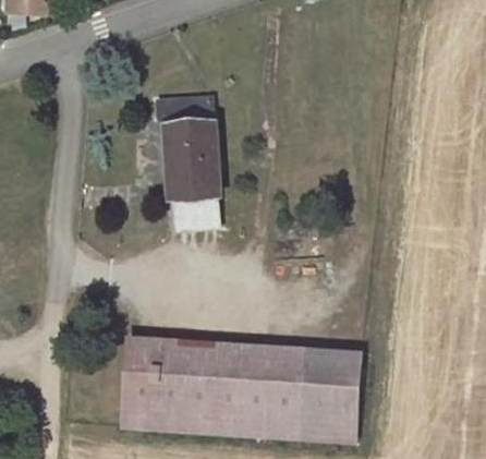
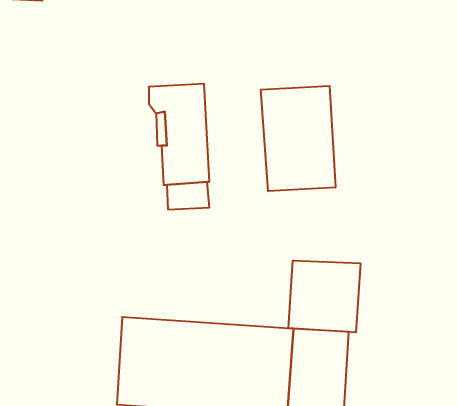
building: none -> [261,86,335,191]
building: none -> [289,260,360,332]

